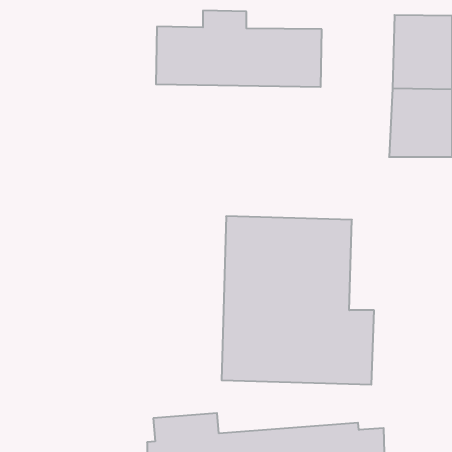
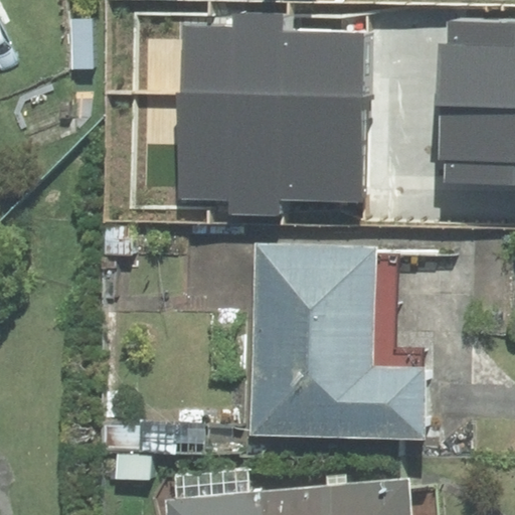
building: none -> [175,97,364,216]

